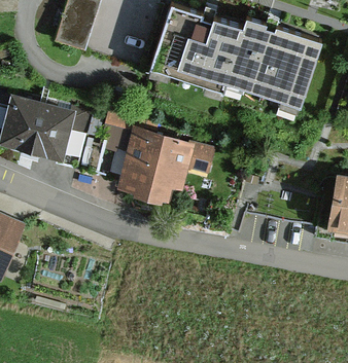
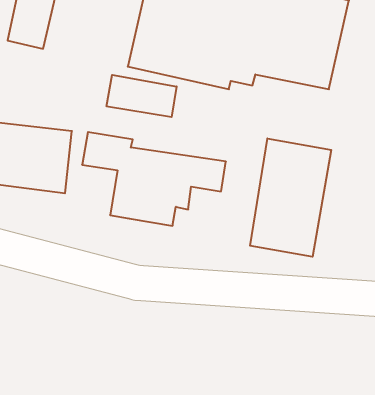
building: none -> [107,75,177,117]
building: none -> [250,138,331,257]

